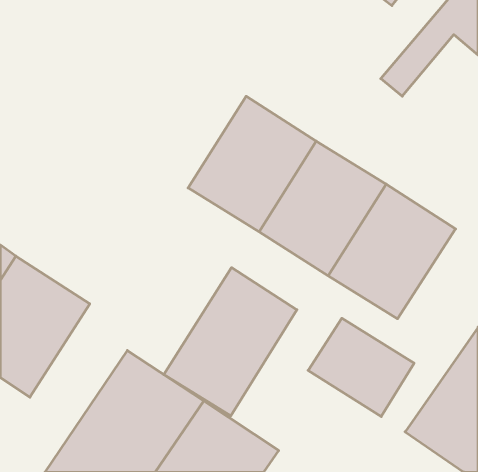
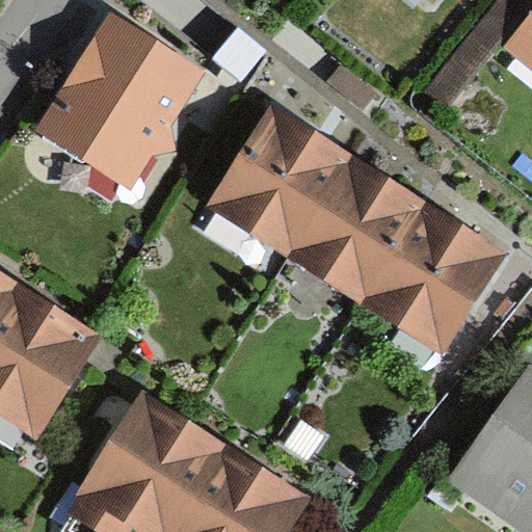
building: none -> [37,16,204,189]
building: [164,268,297,416] -> none
building: [308,318,414,417] -> none

